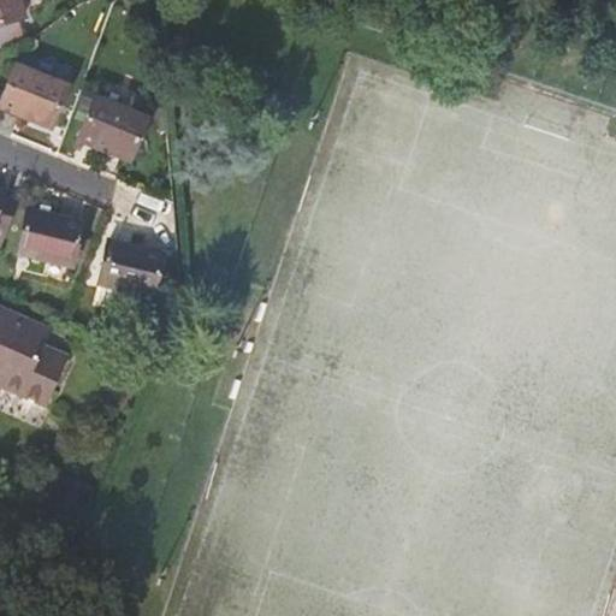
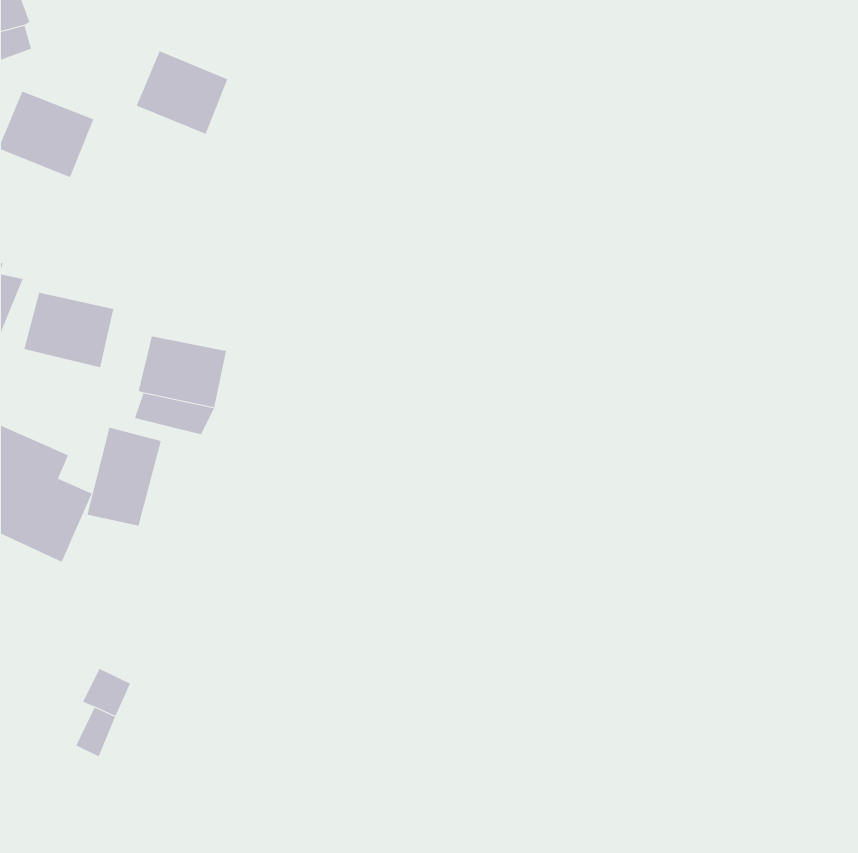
building: [79,97,146,158] -> [136,51,228,135]
building: none -> [87,427,162,526]

